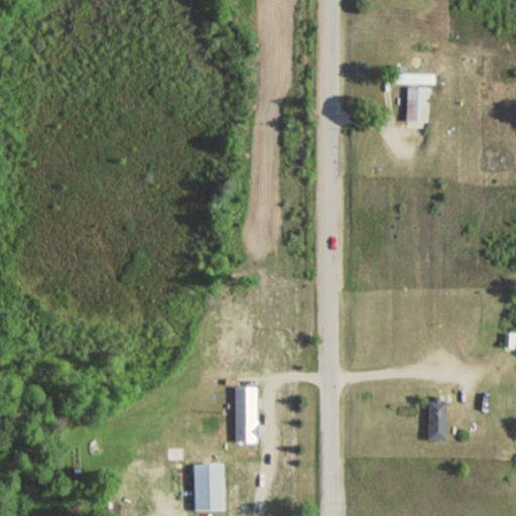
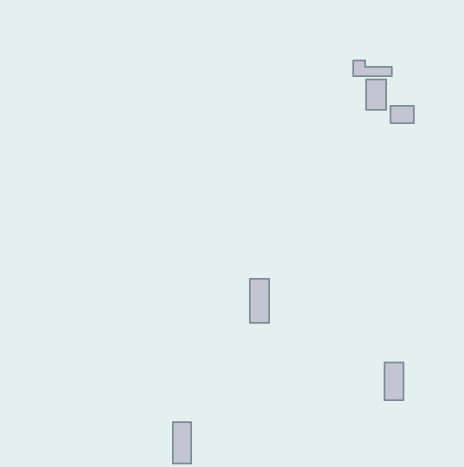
building: none -> [391,106,414,123]
building: [236,389,257,437] -> [250,279,269,323]

